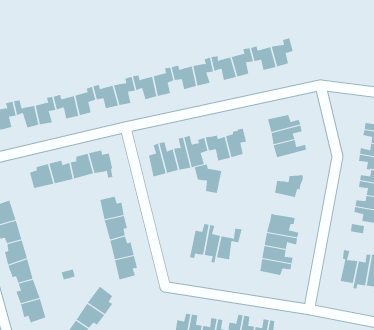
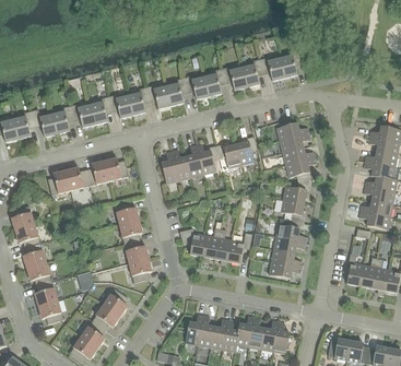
building: none -> [285,156,317,181]
building: [194,164,222,193] -> [179,227,207,256]
building: none -> [281,198,306,222]

